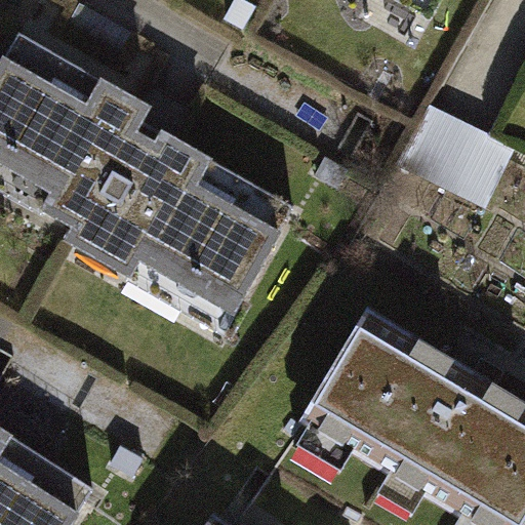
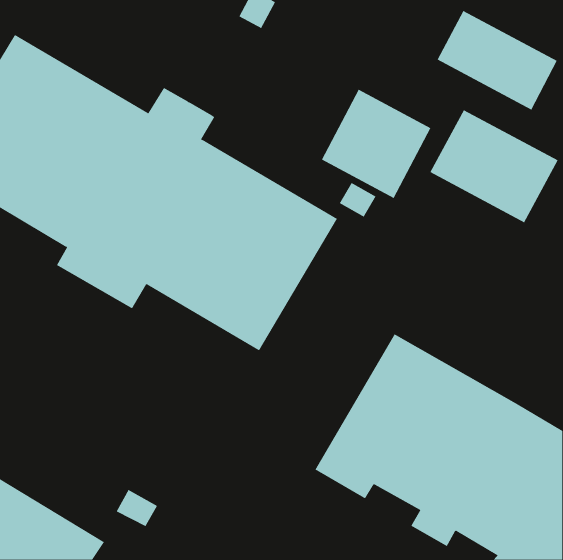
building: none -> [437,10,558,110]
building: none -> [321,89,431,199]

